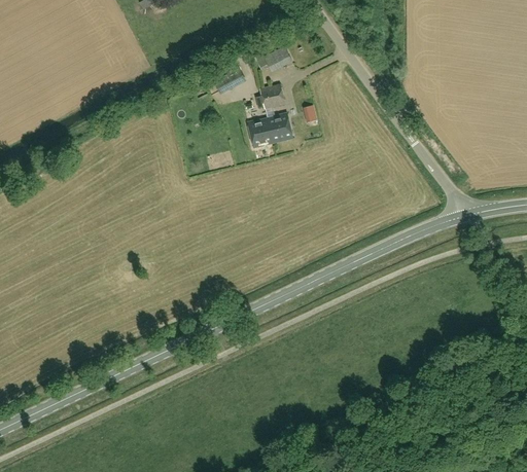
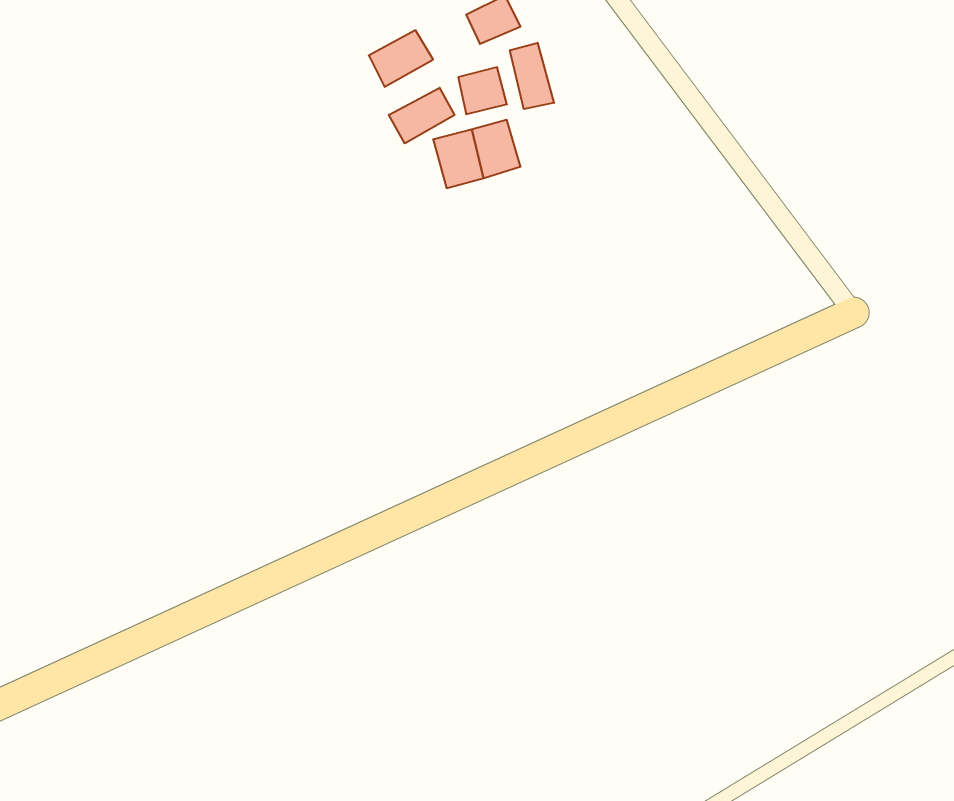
building: none -> [510,43,554,109]
building: none -> [389,88,454,143]

